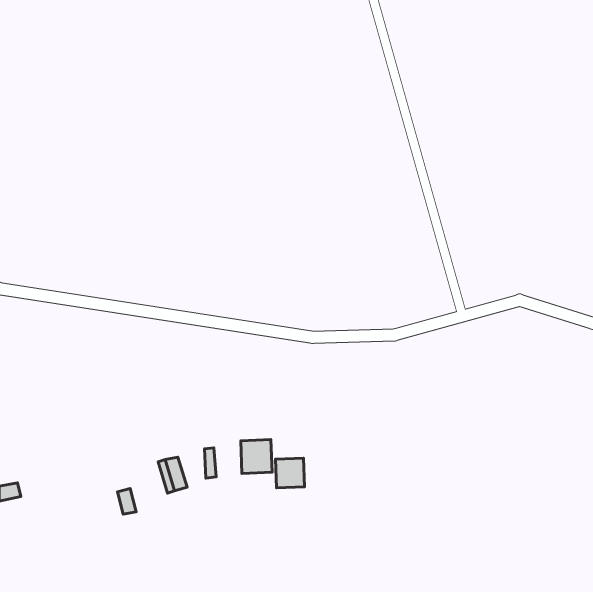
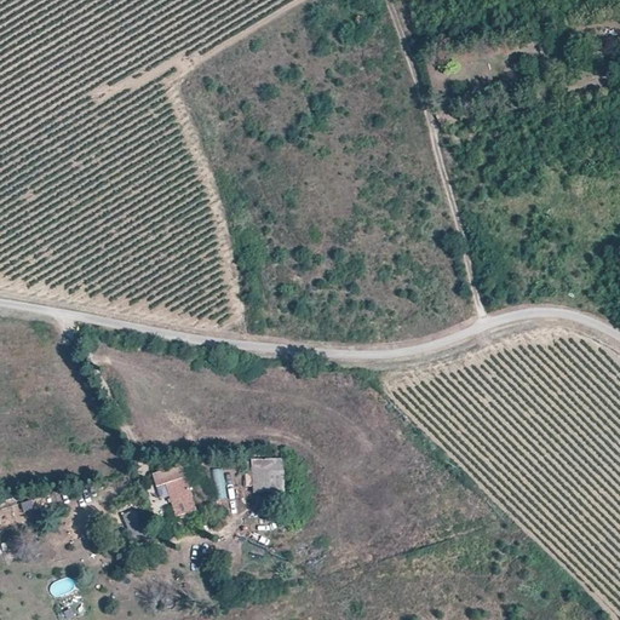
building: [275,458,305,488] -> none

